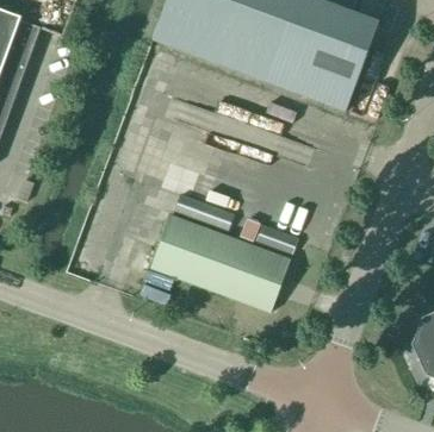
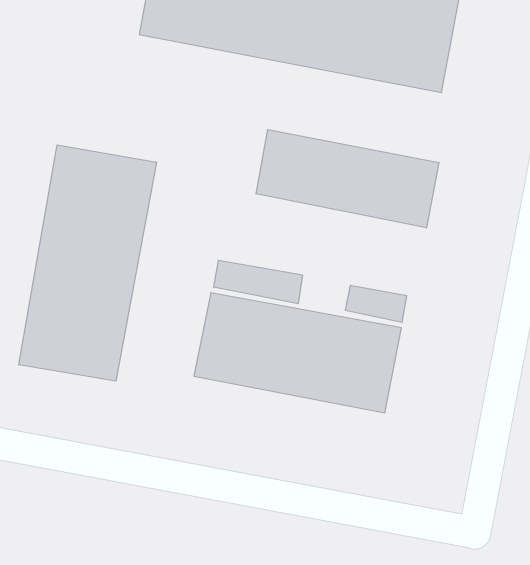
building: none -> [19,145,156,381]
building: none -> [256,130,439,228]

